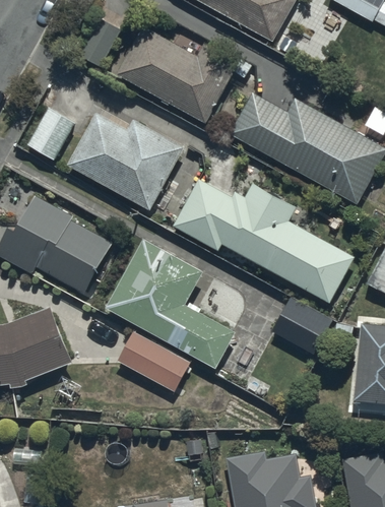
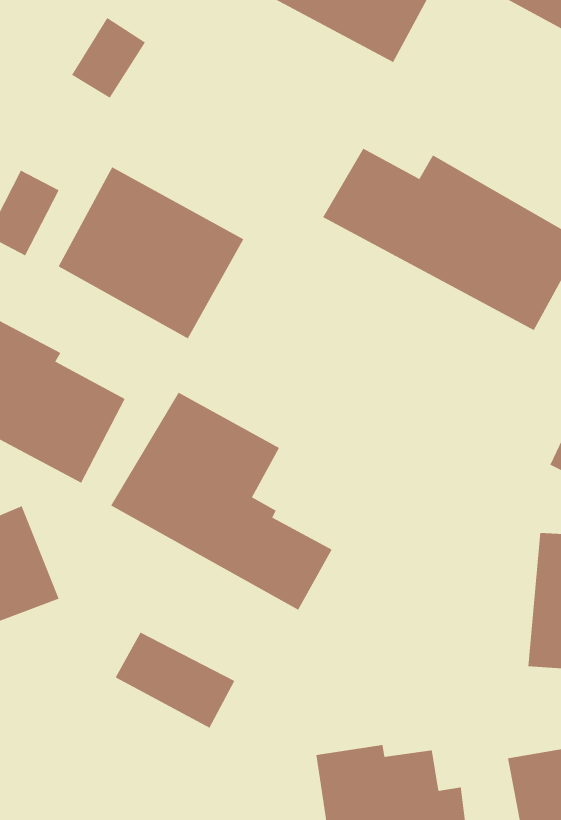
building: [118,28,250,123] -> none
building: [173,181,355,305] -> none
building: [272,299,331,354] -> none
building: [117,333,189,391] -> [115,632,235,728]

